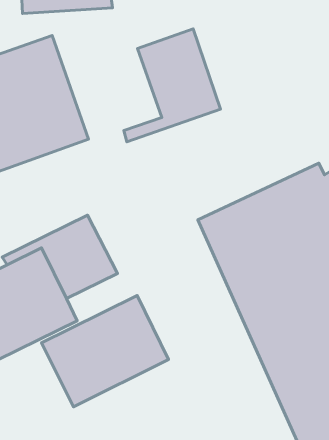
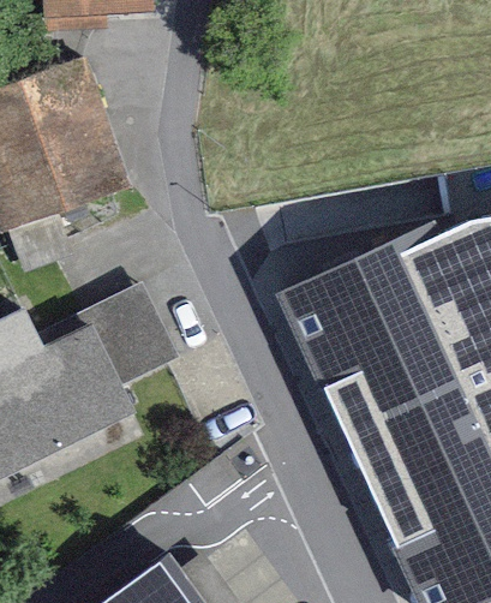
building: [124,29,220,142] -> none
building: [41,295,168,407] -> none

